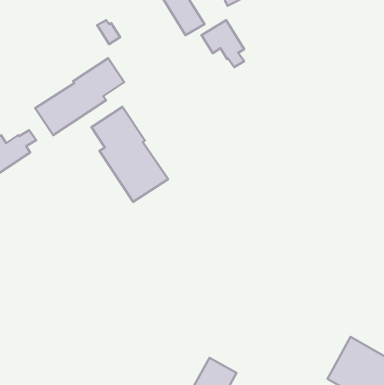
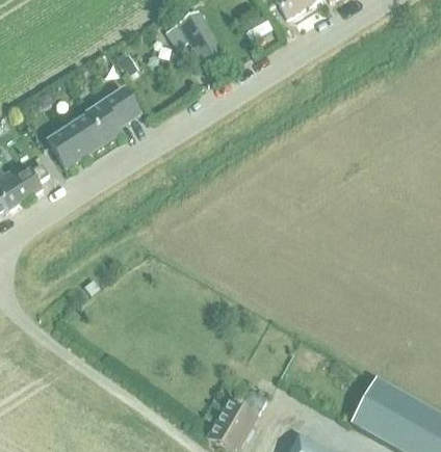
building: [202,20,244,67] -> none
building: [92,107,168,202] -> none

